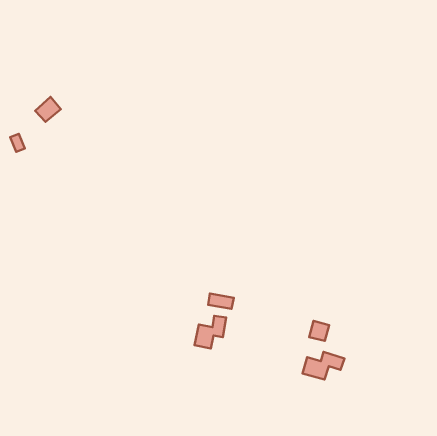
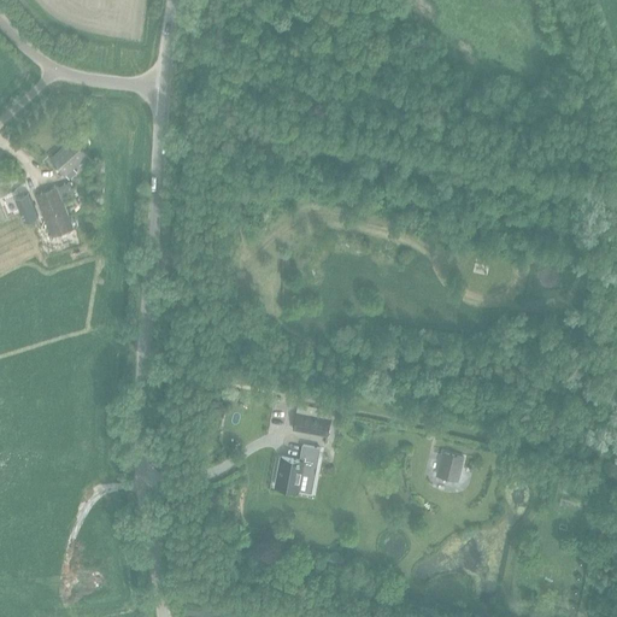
building: none -> [35,184,74,237]
building: [303,352,344,380] -> none

